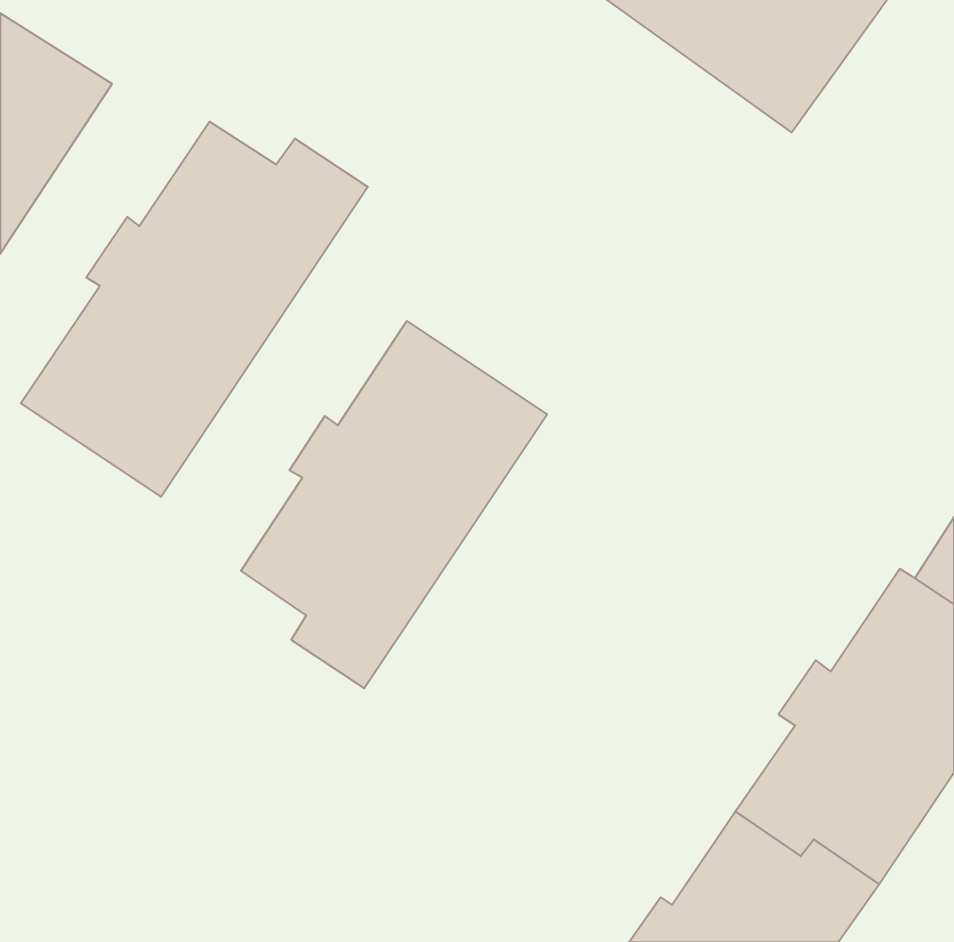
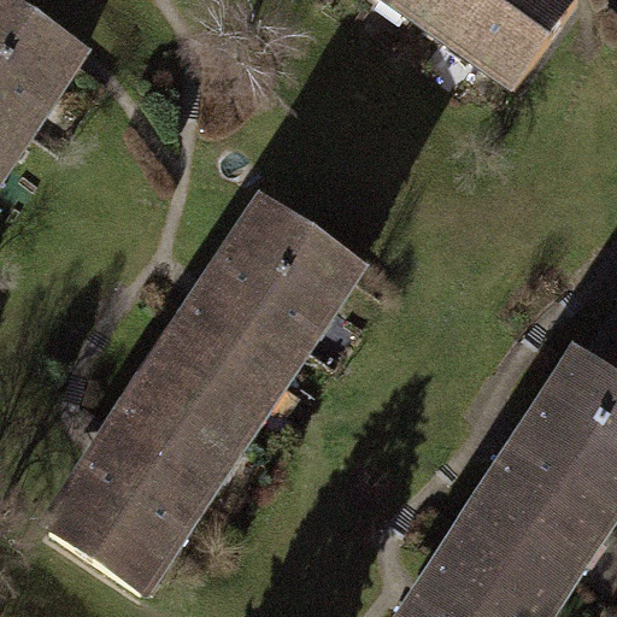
building: [21,122,368,497] -> none
building: none -> [47,369,235,589]

